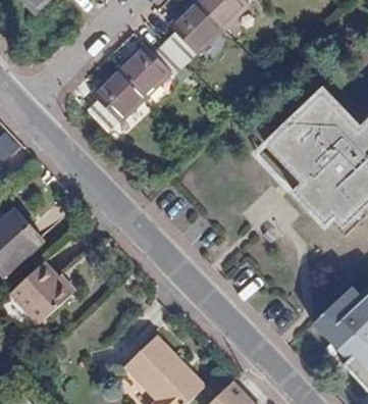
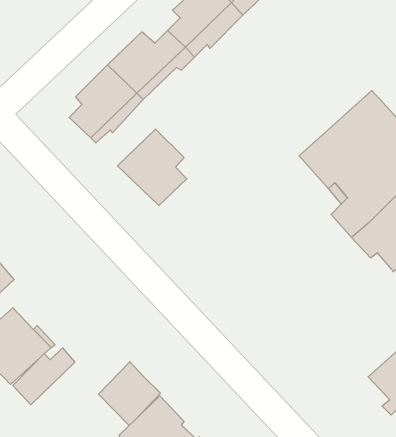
building: none -> [118,129,187,206]
building: none -> [13,348,75,405]
building: none -> [99,362,160,426]

